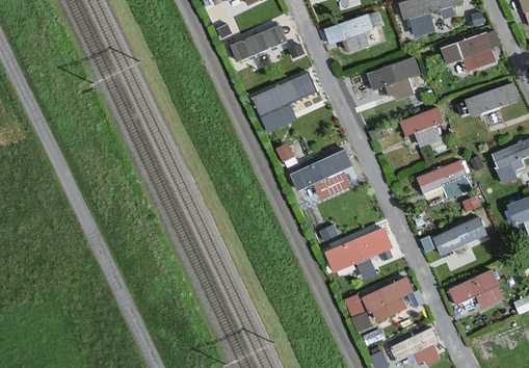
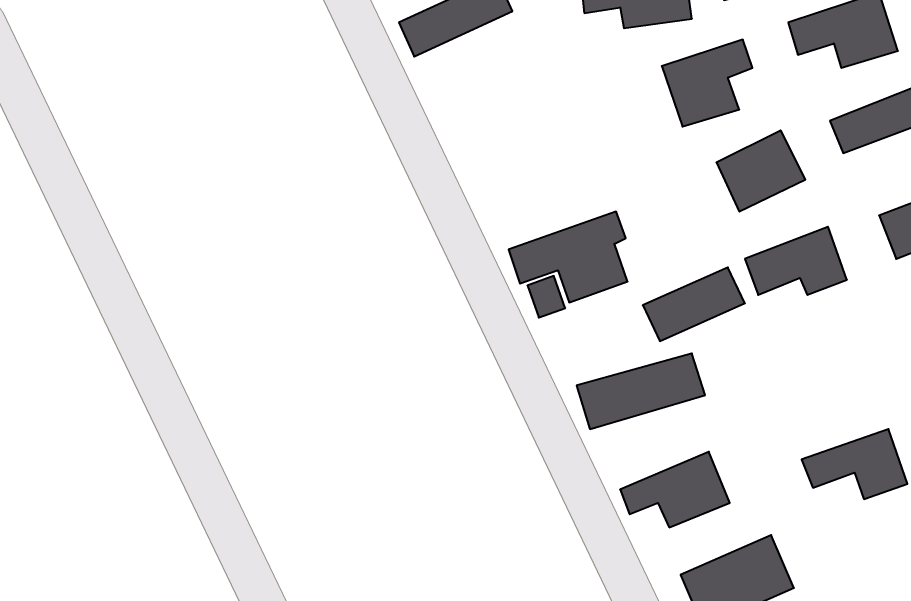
building: [252,72,319,134] -> none
building: [433,215,490,256] -> [643,267,745,341]

